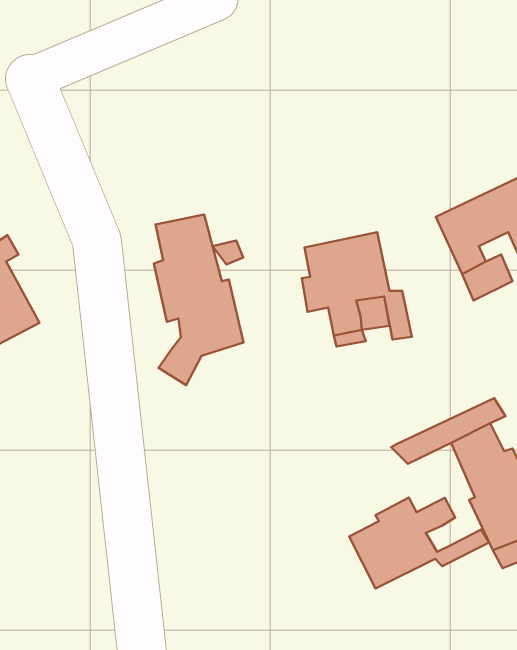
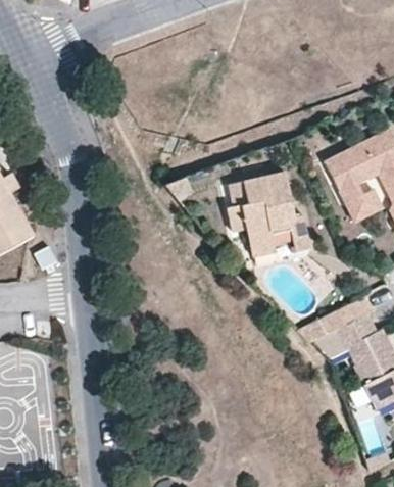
building: [154,214,243,385] -> none
building: [349,497,489,589] -> none

